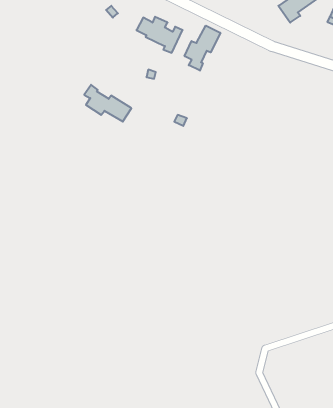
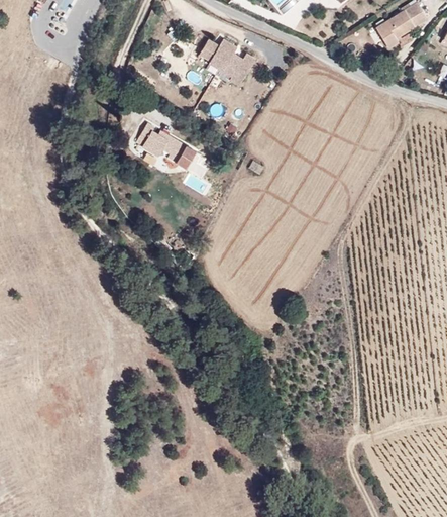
building: [185,26,220,71] -> none

